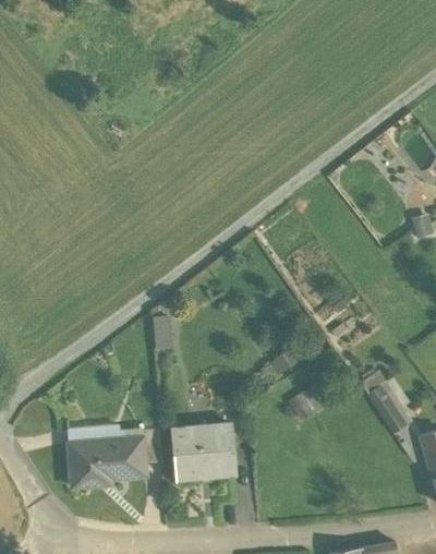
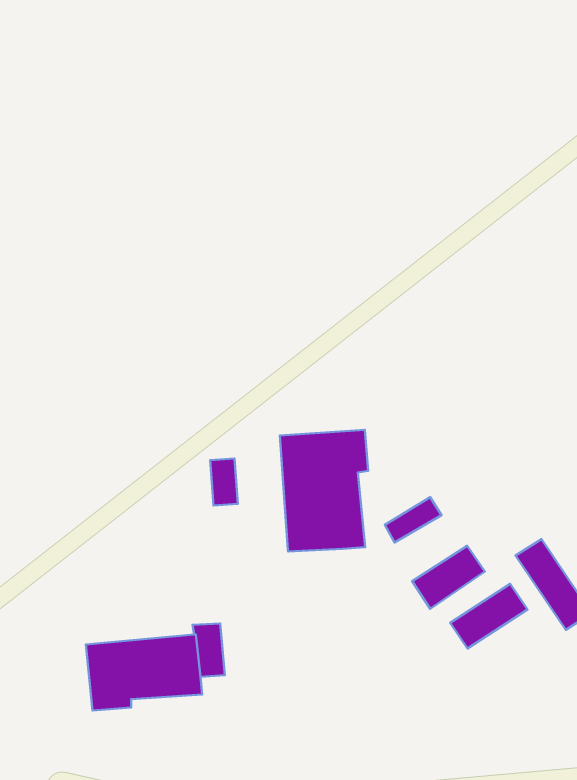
building: none -> [280,430,368,552]
building: none -> [450,584,528,648]
building: [172,425,234,478] -> none

